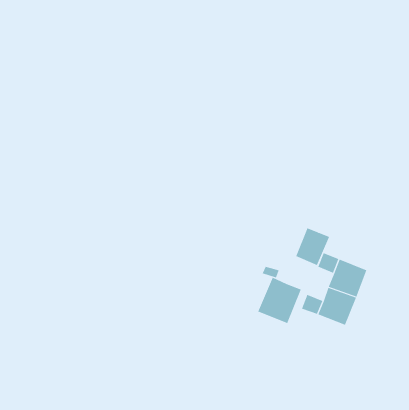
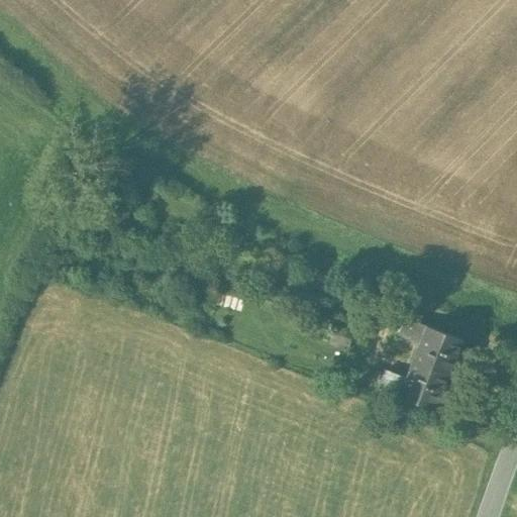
building: [296,228,330,266] -> none
building: [257,277,302,324] -> none

